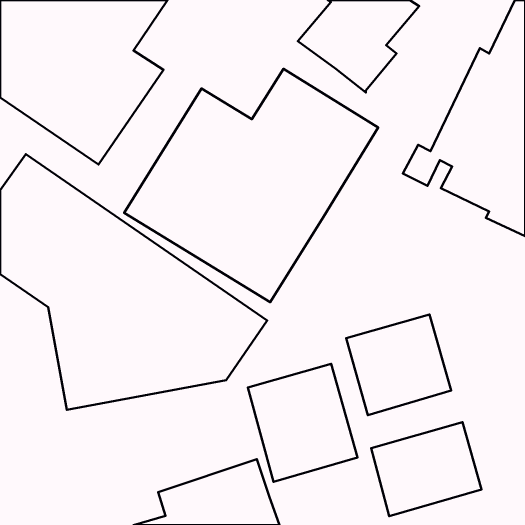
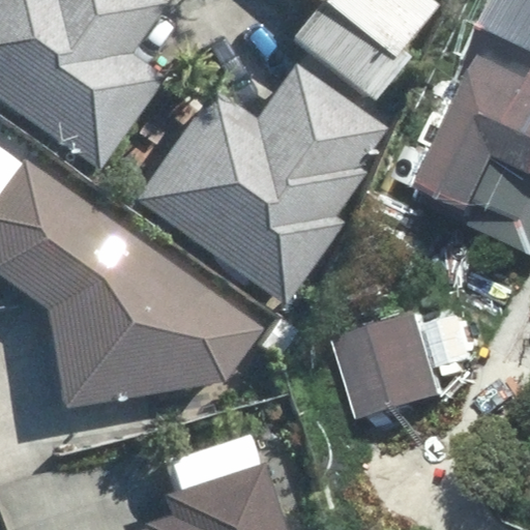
building: [248,364,358,482] -> none
building: [371,422,482,516] -> none

